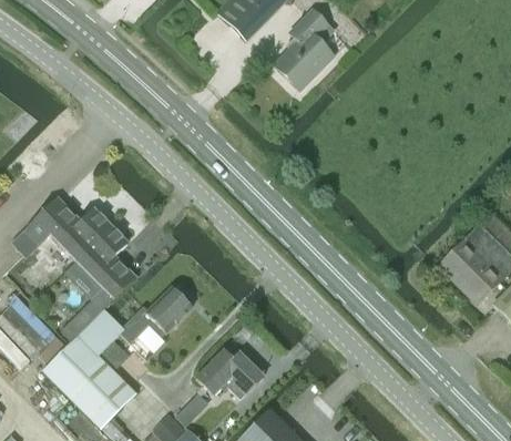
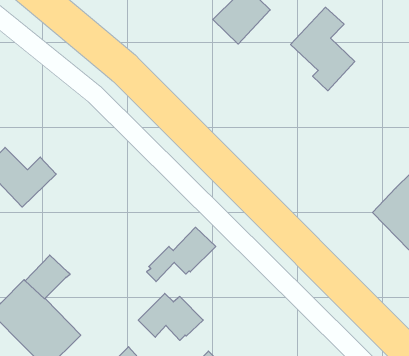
building: none -> [291,7,355,91]
building: [74,225,135,298] -> none
building: [120,286,192,342] -> [147,227,216,282]

